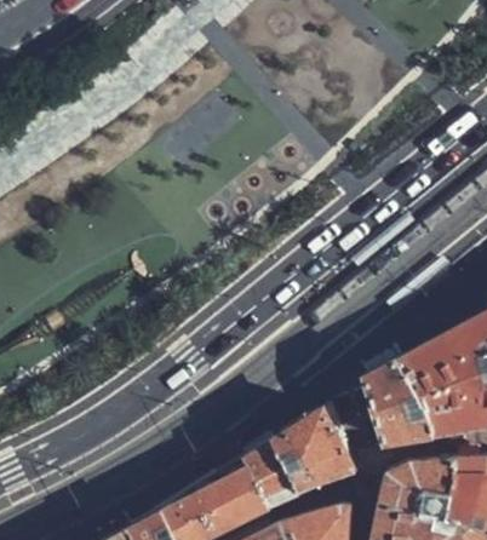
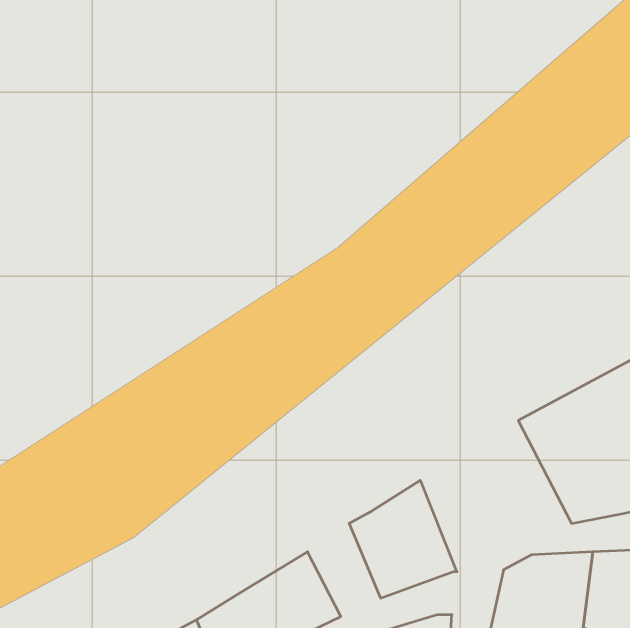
building: [366,362,436,446] -> none
building: [244,437,297,505] -> none

